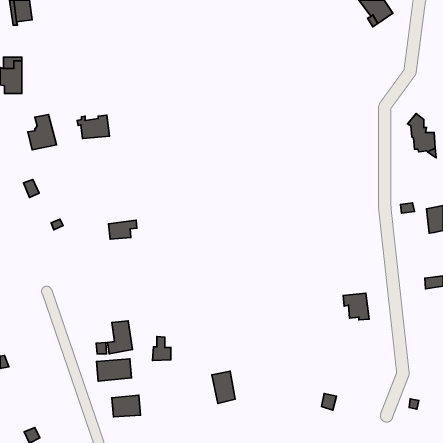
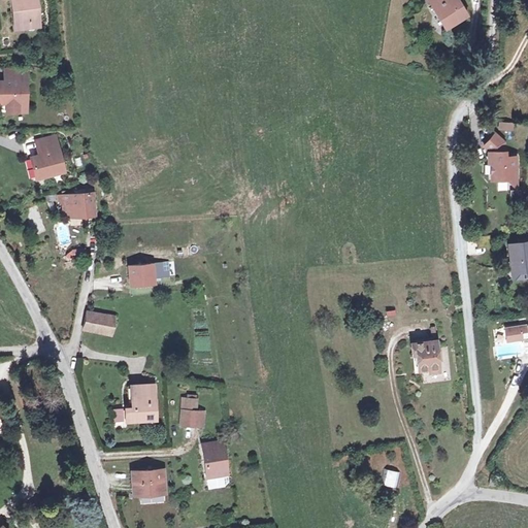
building: [77,115,109,139] -> [59,190,97,218]
building: none -> [90,312,119,334]
building: [97,359,132,381] -> none
building: [212,371,235,403] -> [203,441,231,480]

